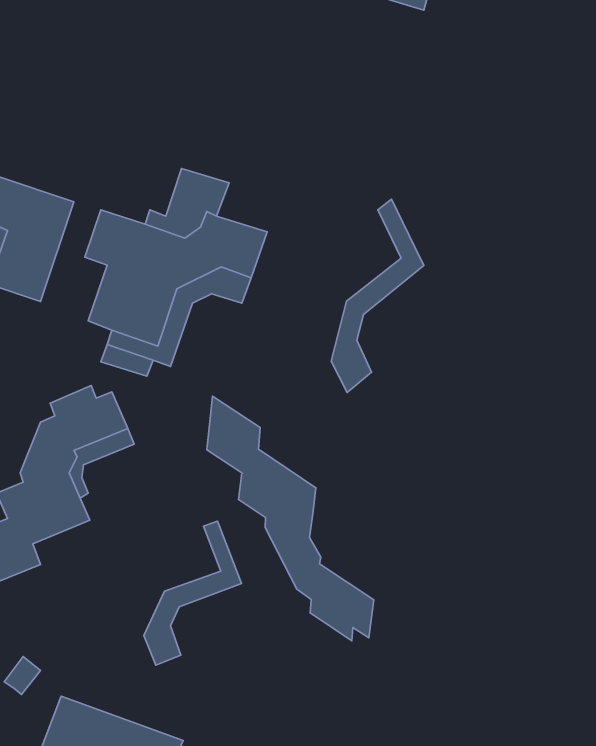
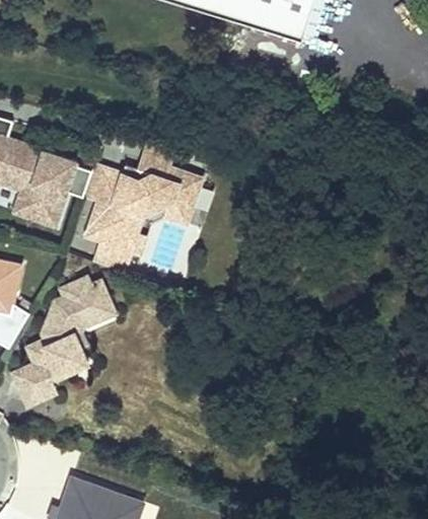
building: [331,199,424,393] -> none
building: [207,396,374,641] -> none
building: [144,521,242,665] -> none

